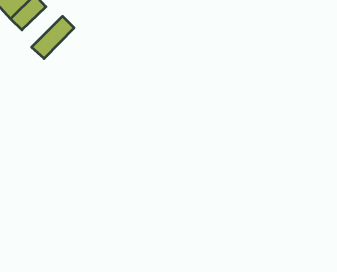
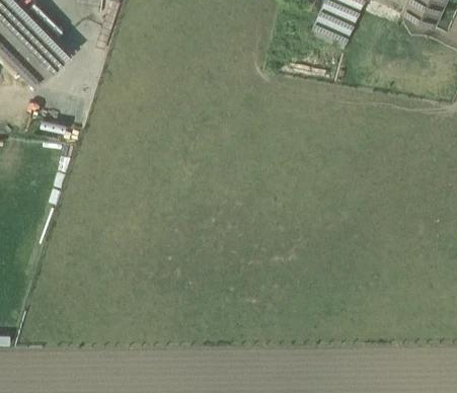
building: [32,16,74,59] -> none

